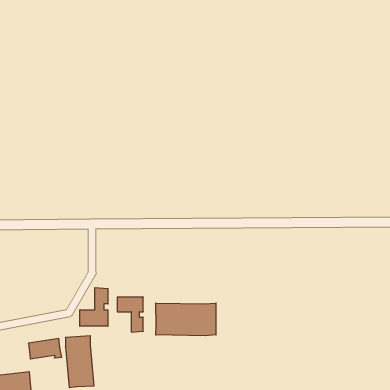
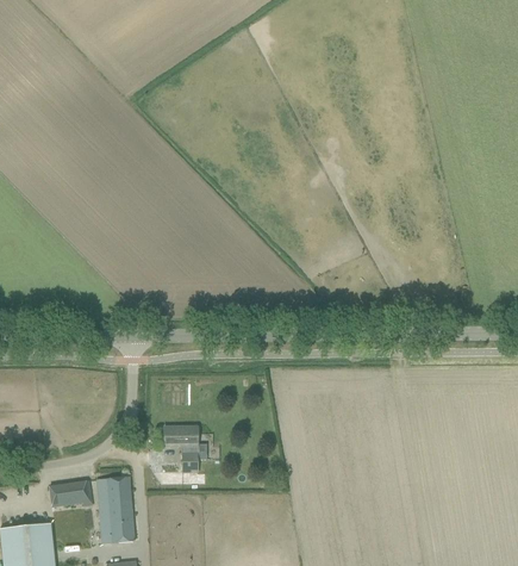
building: [80,288,108,326] -> none
building: [156,303,216,336] -> none

